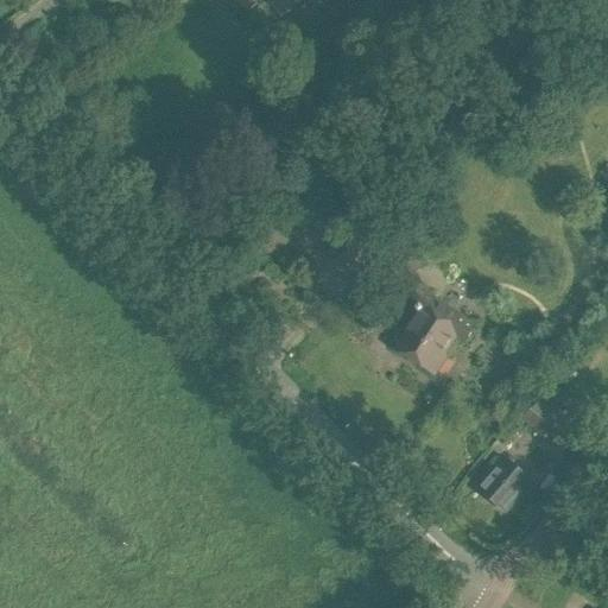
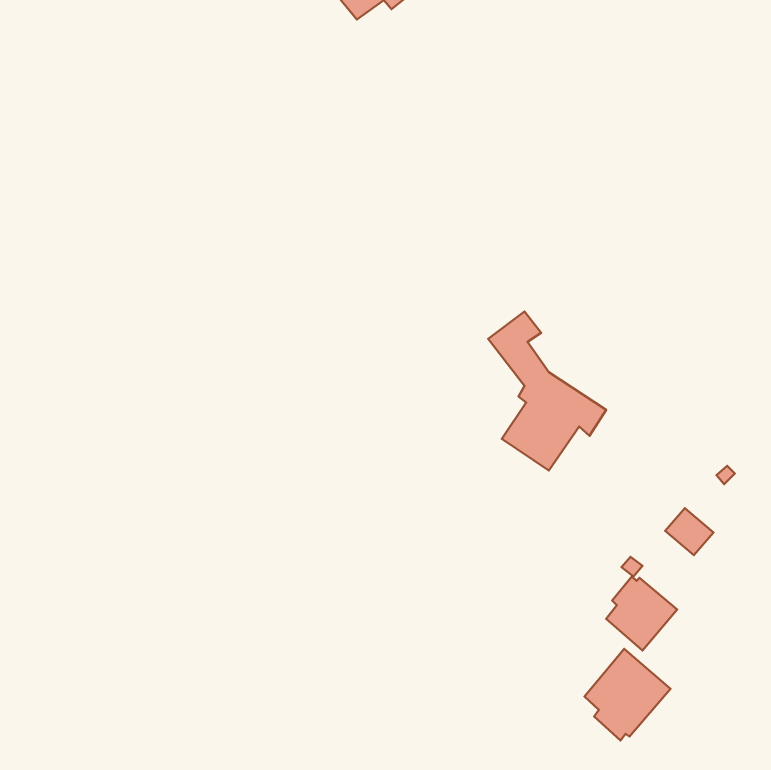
building: none -> [585,649,671,740]

